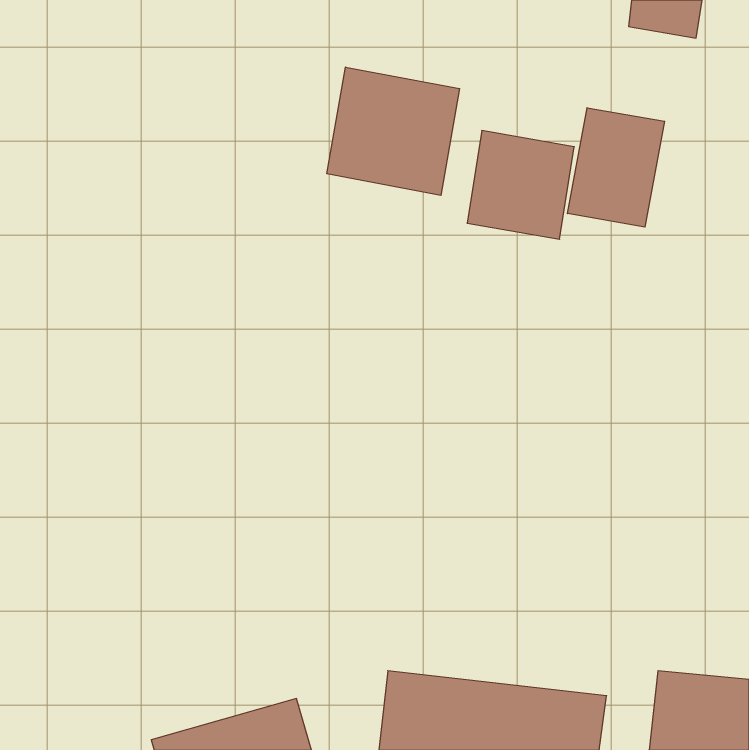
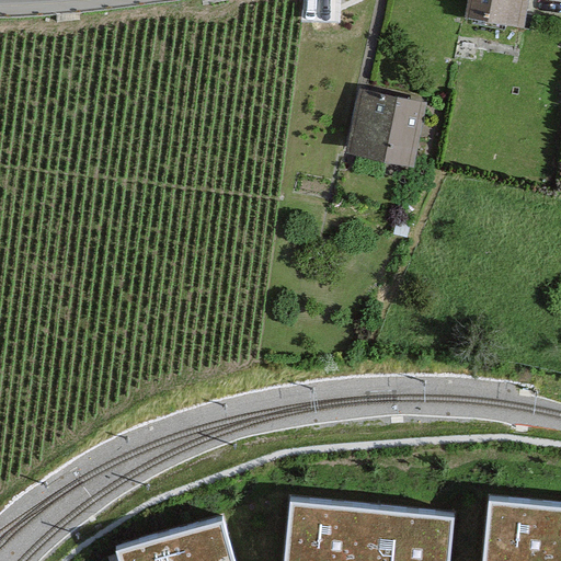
building: [327,67,460,195] -> none
building: [567,108,665,227] -> none

